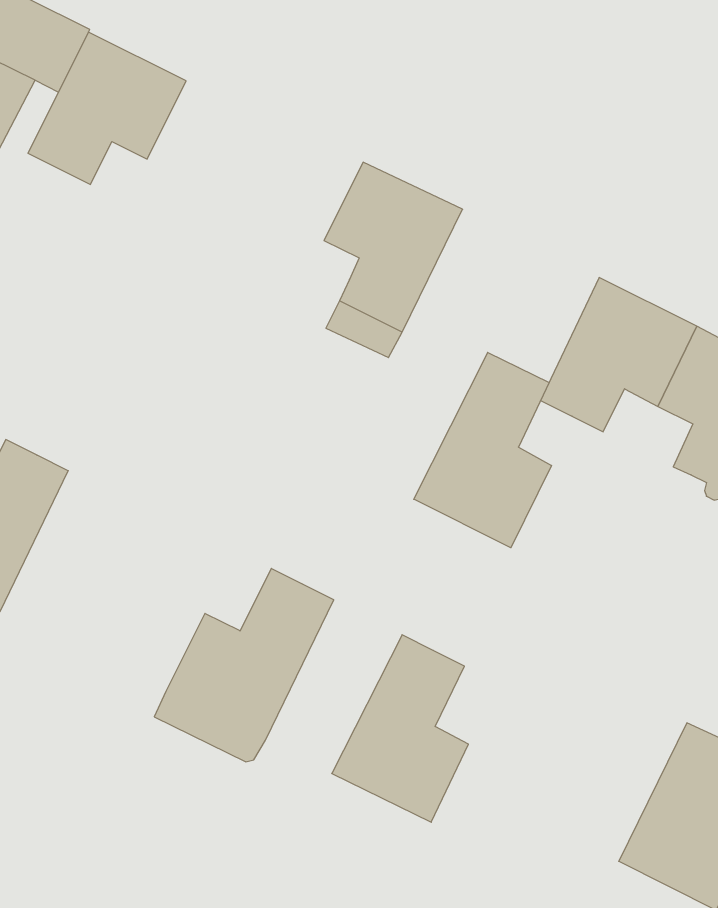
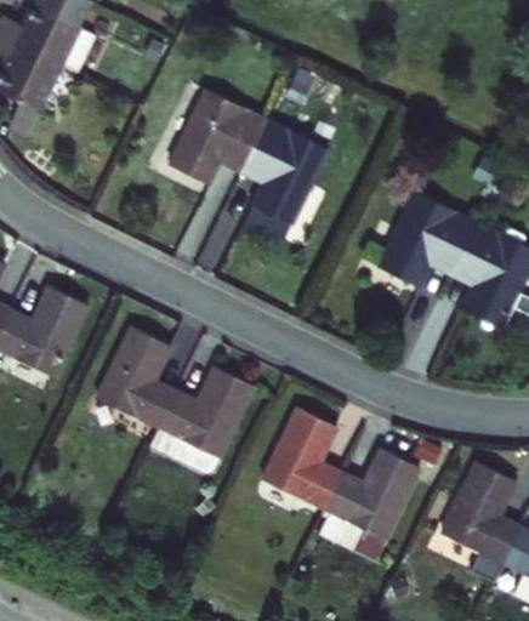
building: [28,32,186,184] -> [174,81,272,176]
building: [414,352,551,548] -> none
building: none -> [89,323,174,440]
building: none -> [314,445,417,552]

